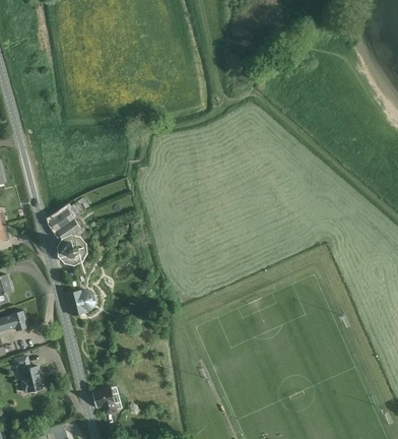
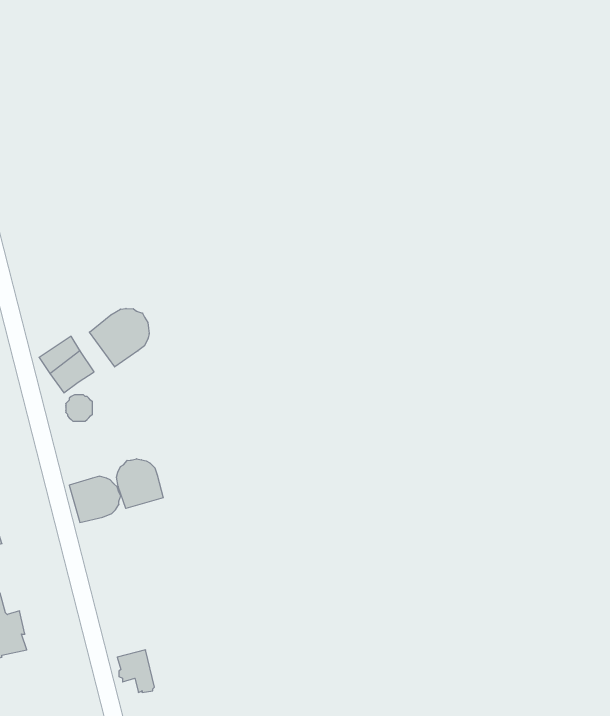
building: none -> [89,308,149,367]
building: none -> [117,459,163,508]

